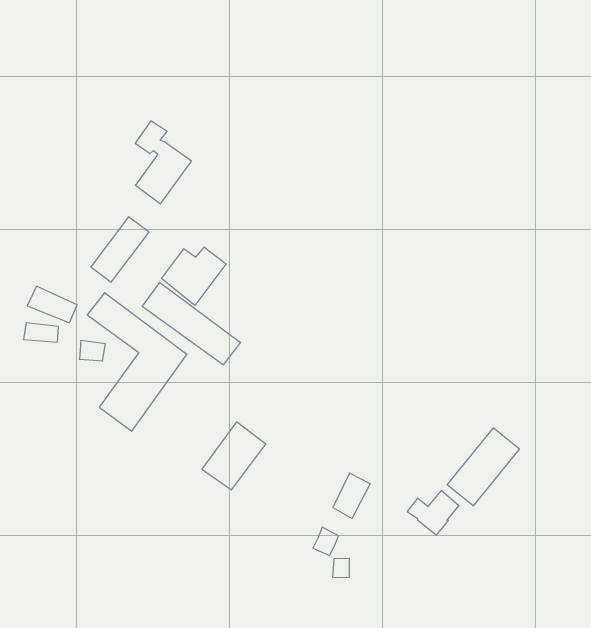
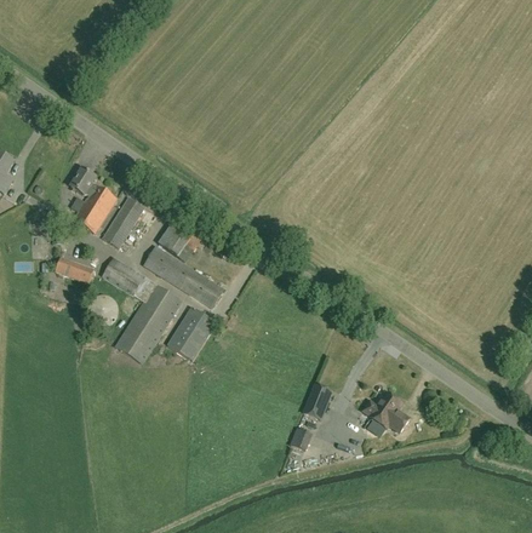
building: [135,121,191,204] -> [70,168,115,233]
building: [202,422,266,490] -> [167,306,216,360]
building: [447,428,519,506] -> none

